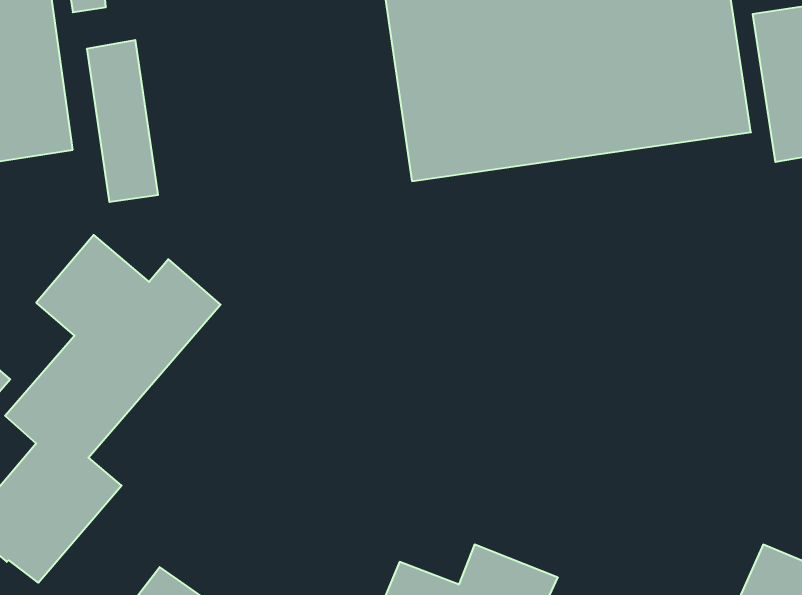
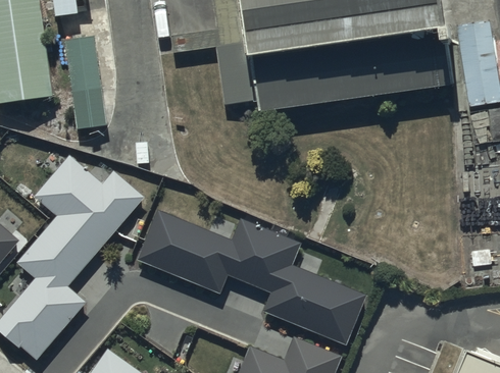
building: none -> [136,209,366,343]

